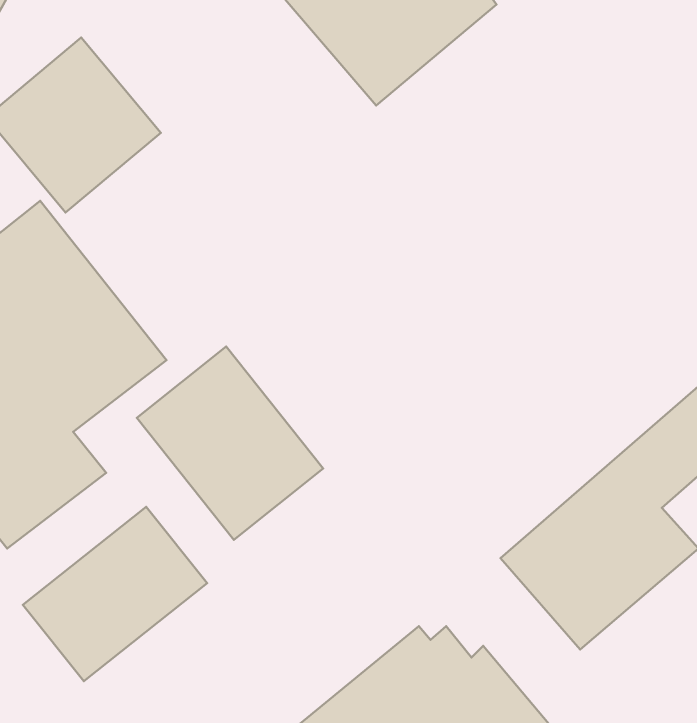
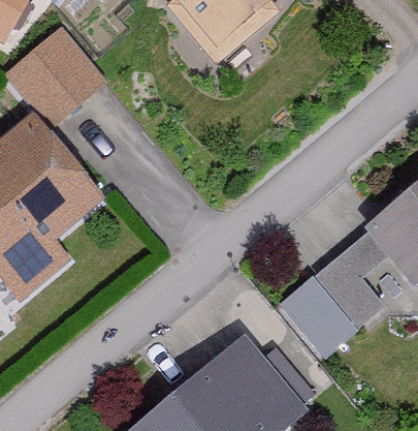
building: [137,347,323,540] -> none
building: [23,507,207,681] -> none

